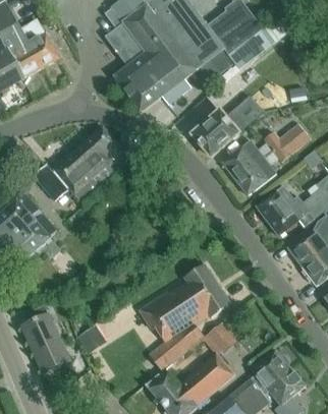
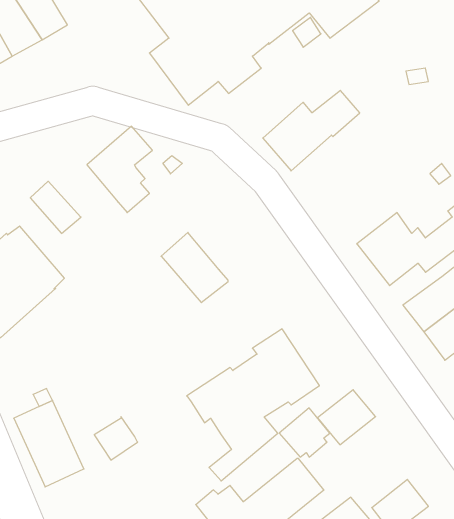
building: [222,122,311,194] -> none
building: [54,153,100,200] -> [161,232,228,303]
building: [252,349,291,387] -> [317,390,376,445]

